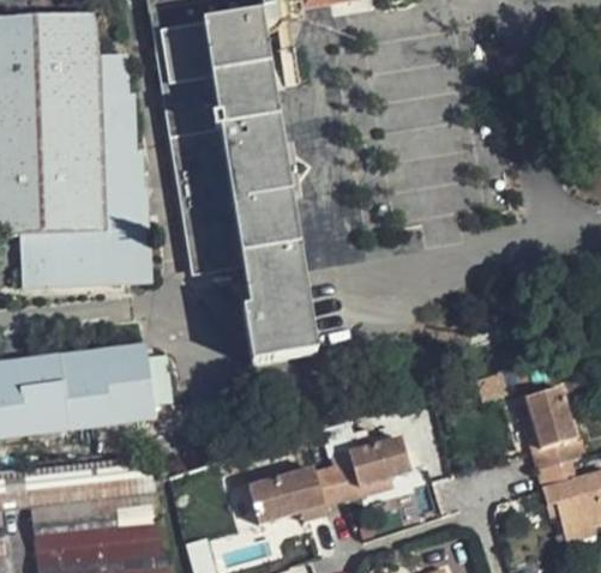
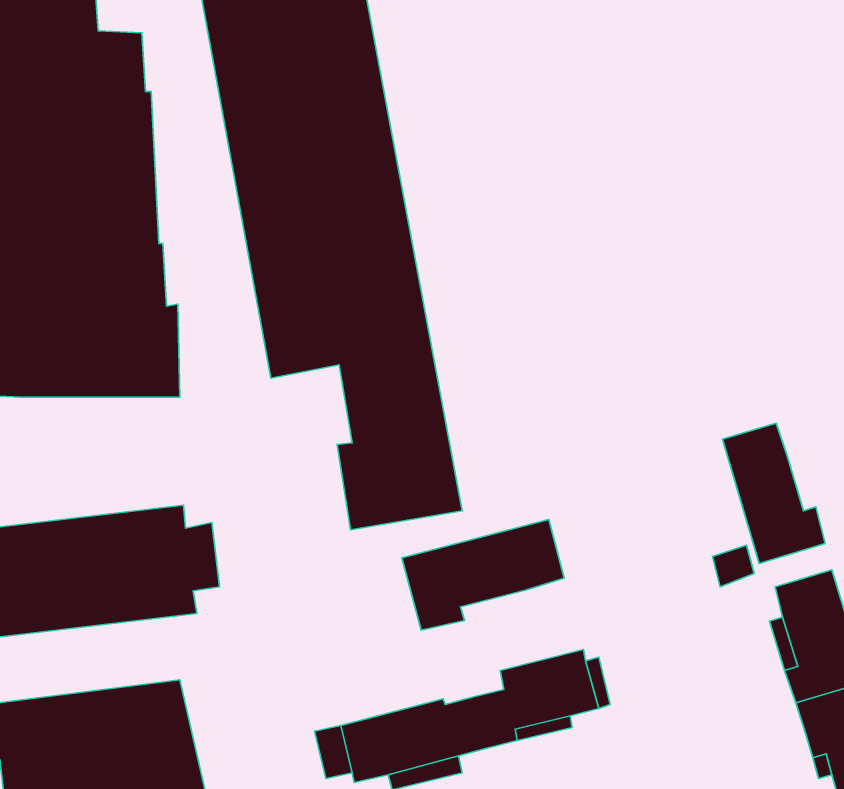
building: none -> [723,423,825,563]
building: none -> [402,519,564,630]

